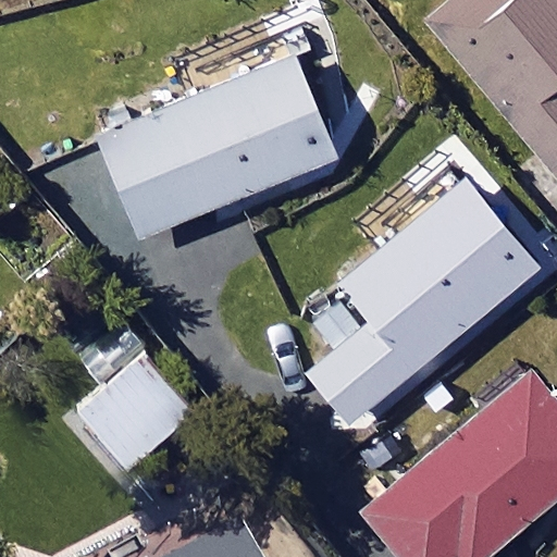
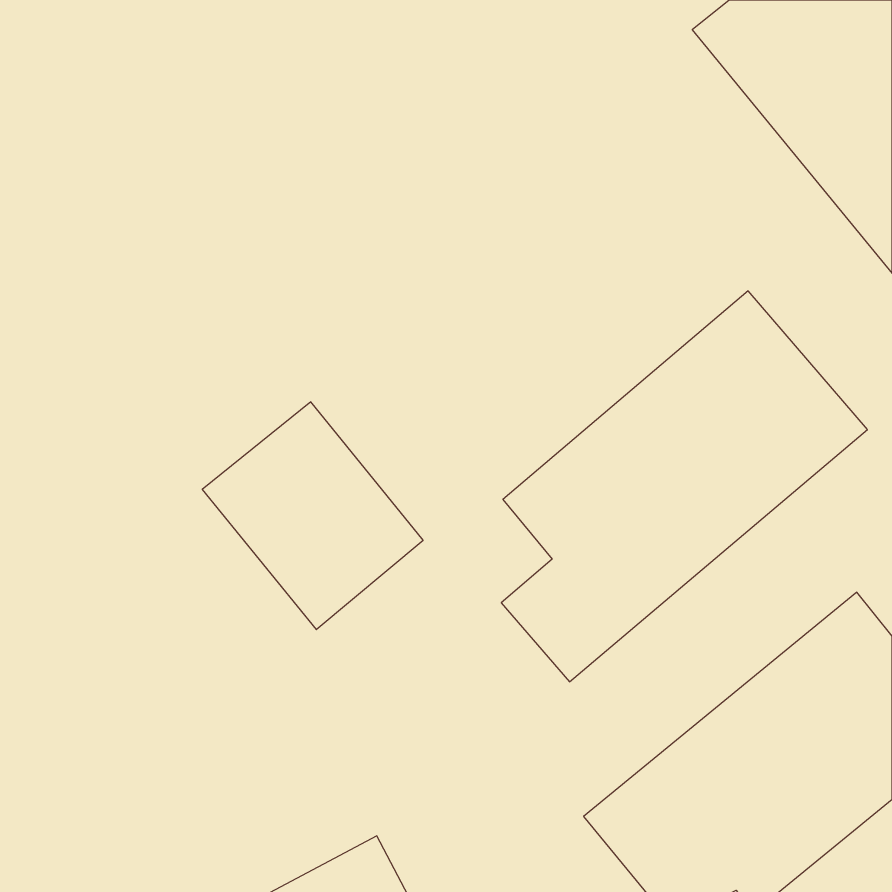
building: [100,53,338,237] -> none
building: [58,329,195,470] -> [202,402,423,630]

